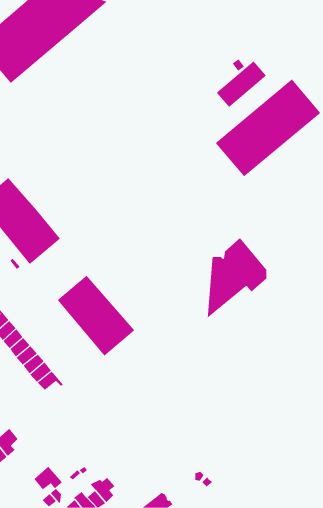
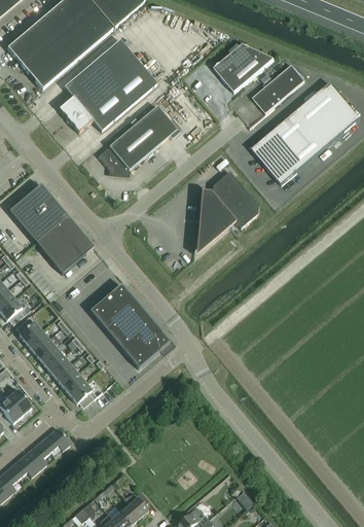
building: none -> [59,38,156,131]
building: none -> [213,43,274,92]
building: none -> [98,104,177,176]
building: [207,237,267,319] -> [195,170,257,253]
building: [34,466,63,490] -> [41,426,71,451]

